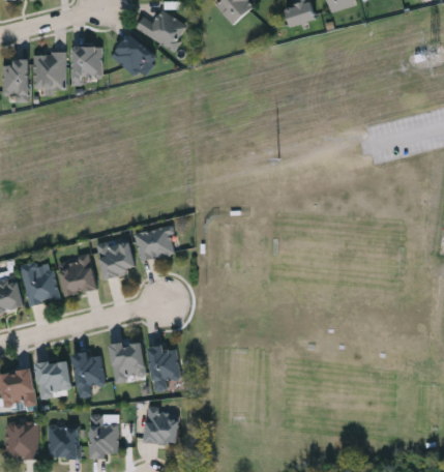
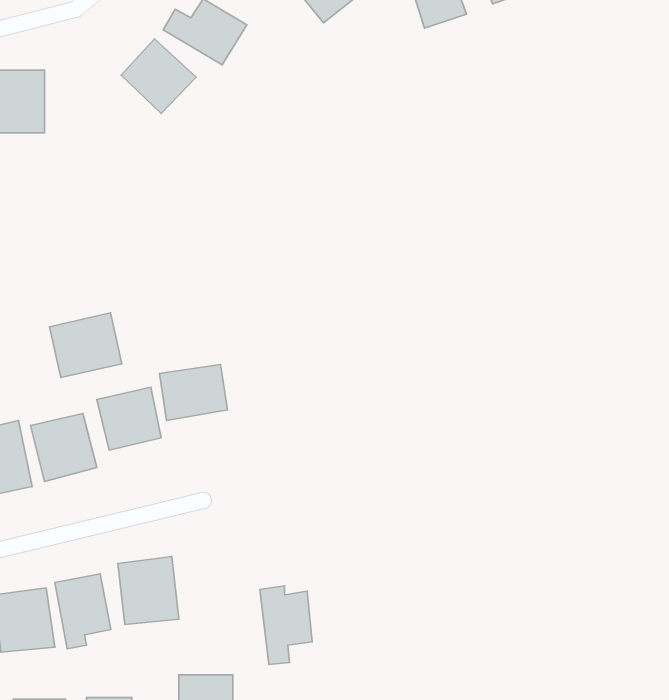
building: [71,46,101,84] -> none
building: none -> [49,313,122,378]
building: [148,346,179,392] -> [260,586,312,664]

